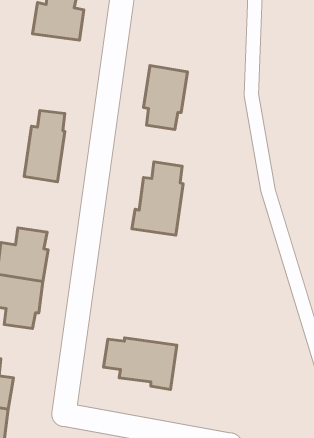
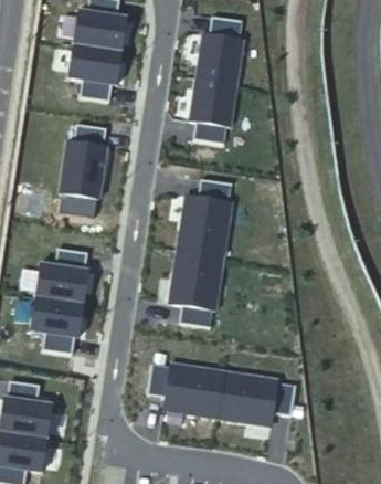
building: none -> [197,17,244,84]
building: none -> [68,44,123,102]
building: none -> [174,250,224,328]
building: none -> [219,372,296,423]

